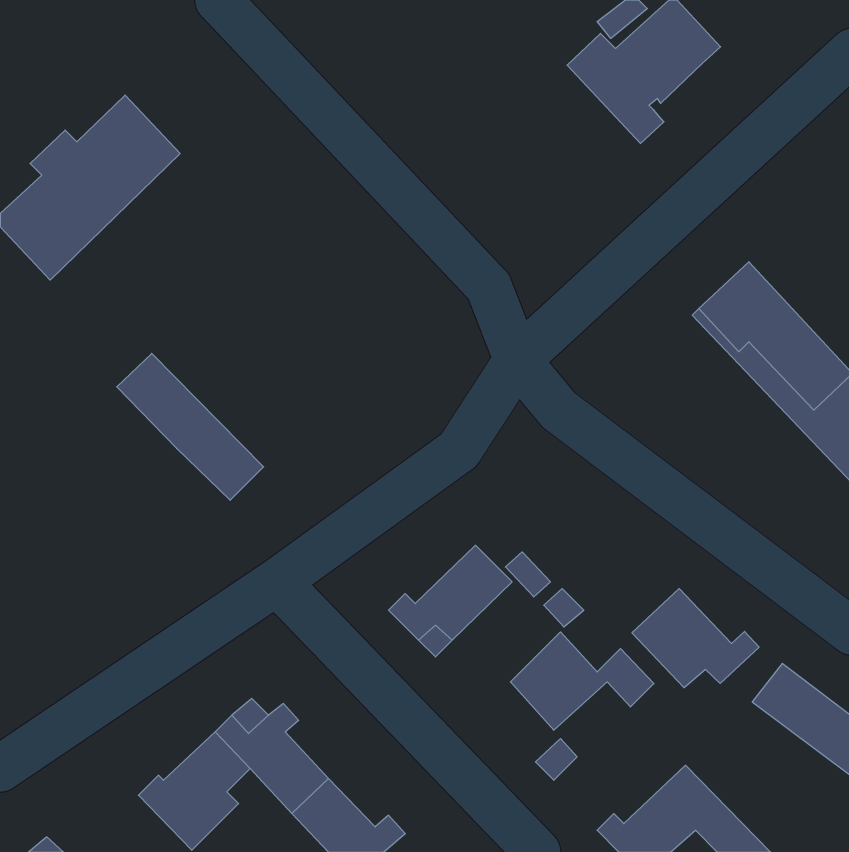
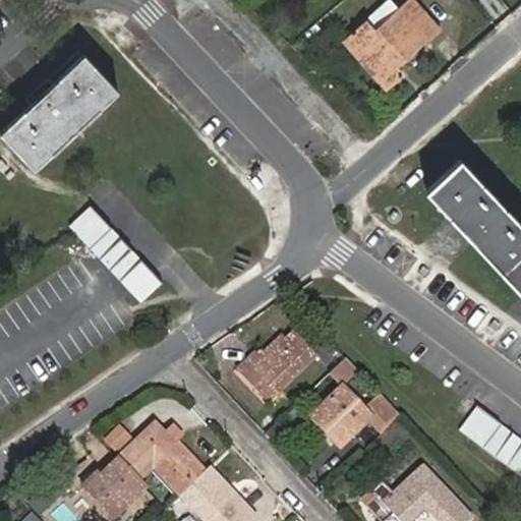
building: [632,589,759,688] -> none

